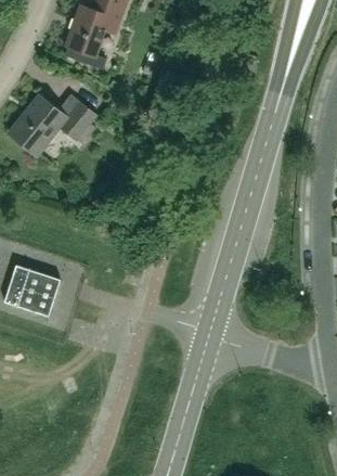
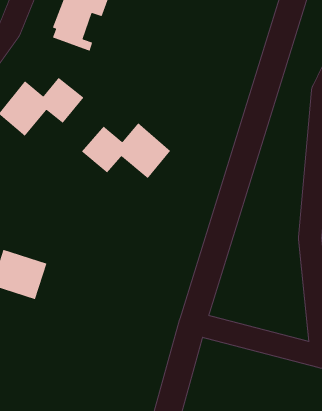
building: none -> [81,122,171,179]

